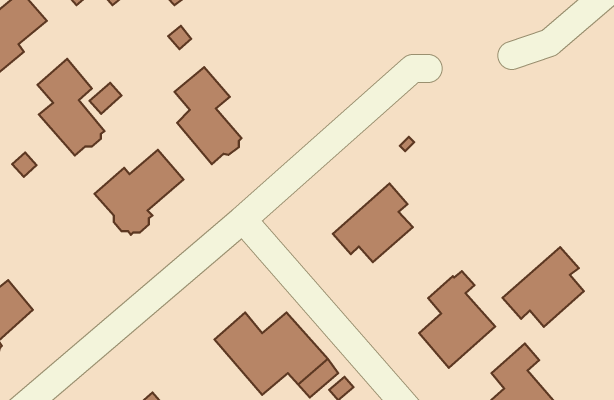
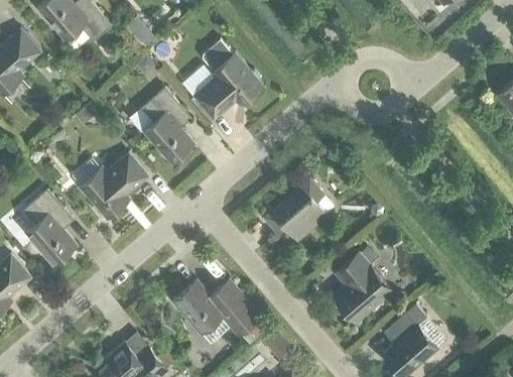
building: none -> [194,39,262,119]
building: [38,59,105,156] -> [24,188,77,264]
building: [503,247,584,327] -> none

